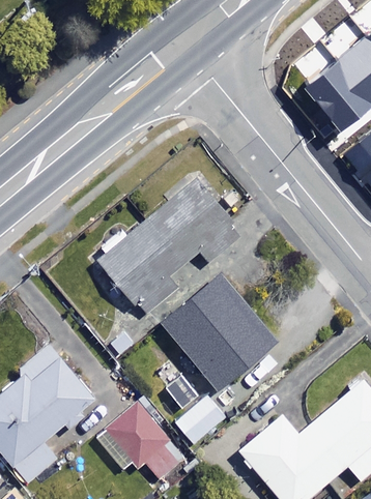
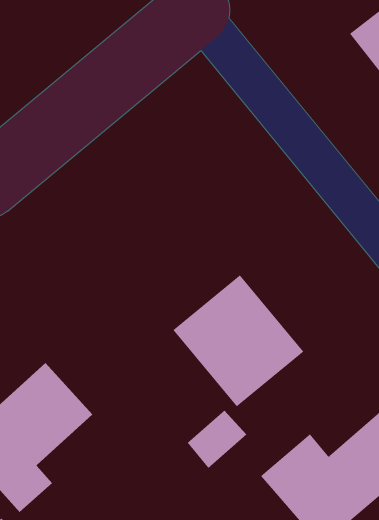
building: [98,179,240,314] -> none
building: [95,401,184,477] -> none

